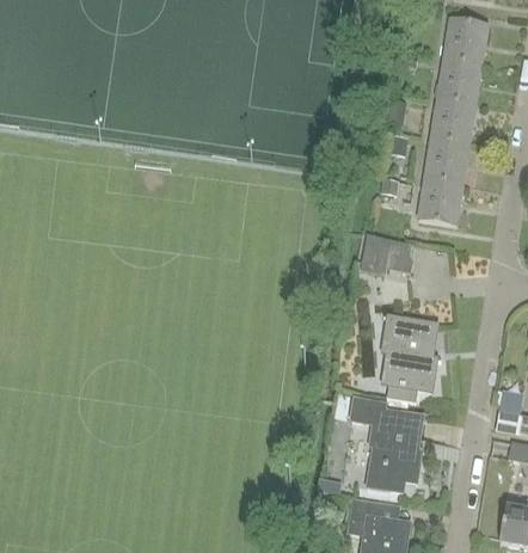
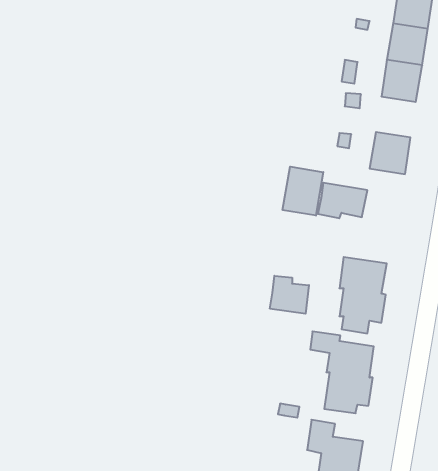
building: [424,136,468,182] -> none
building: none -> [283,167,323,216]
building: none -> [270,276,309,314]

